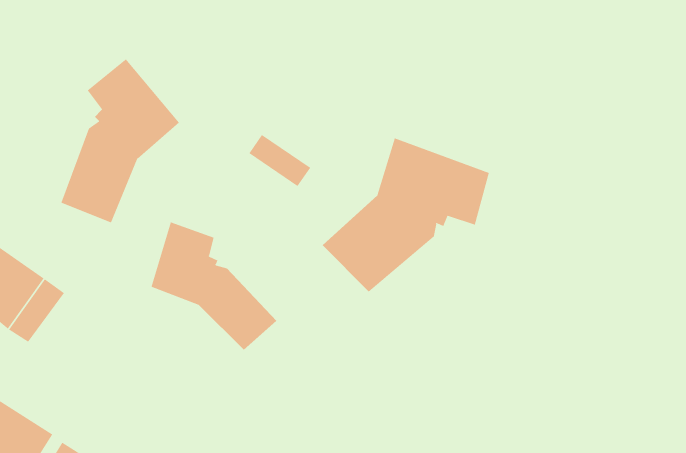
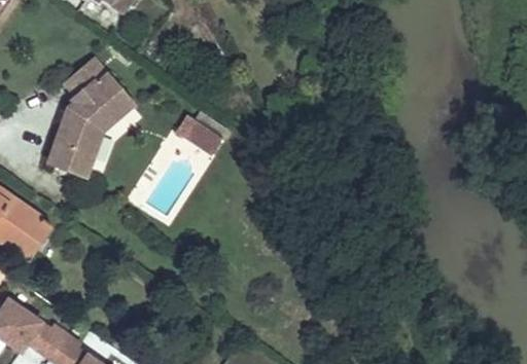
building: [322,137,490,292] -> none
building: [151,221,277,350] -> none

